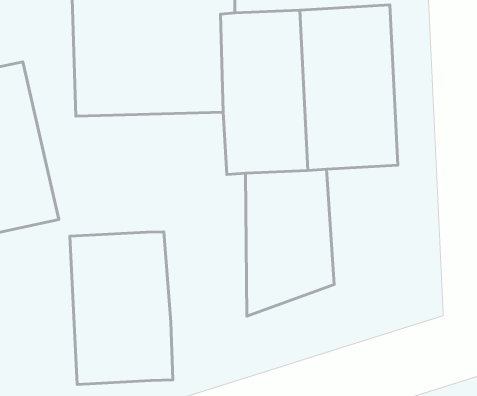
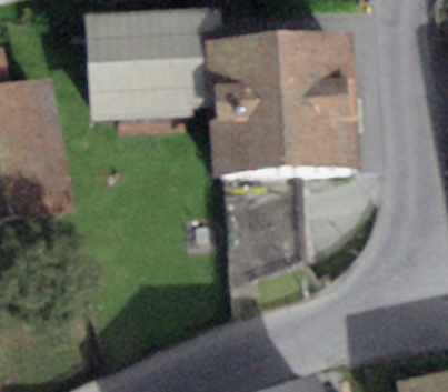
building: [70,232,173,385] -> none

